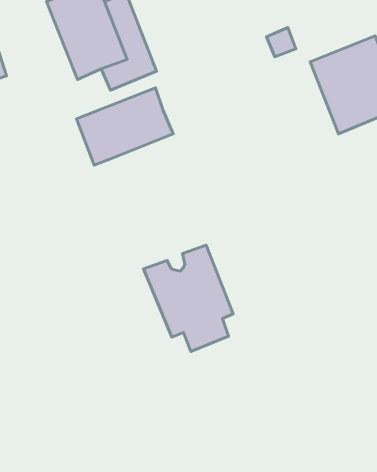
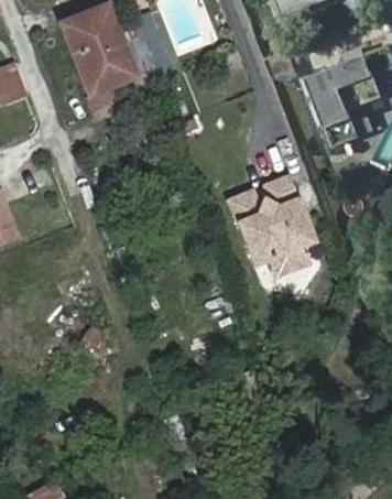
building: [76,88,173,165] -> none
building: [143,245,233,351] -> [229,173,313,272]

